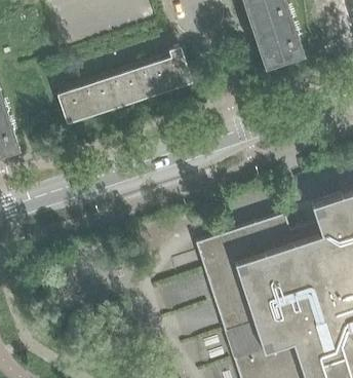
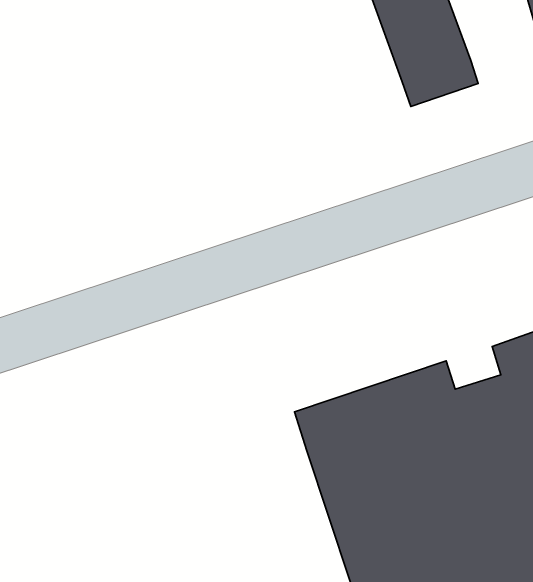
building: [47,54,191,121] -> none

